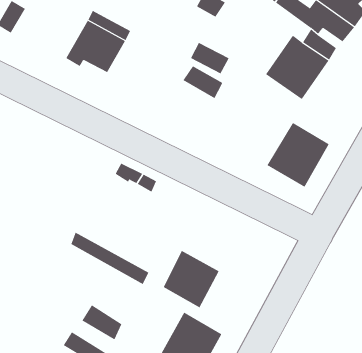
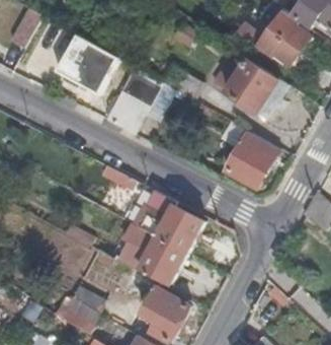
building: none -> [101,68,160,135]
building: none -> [134,206,202,255]

